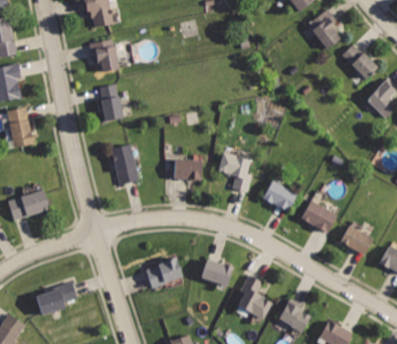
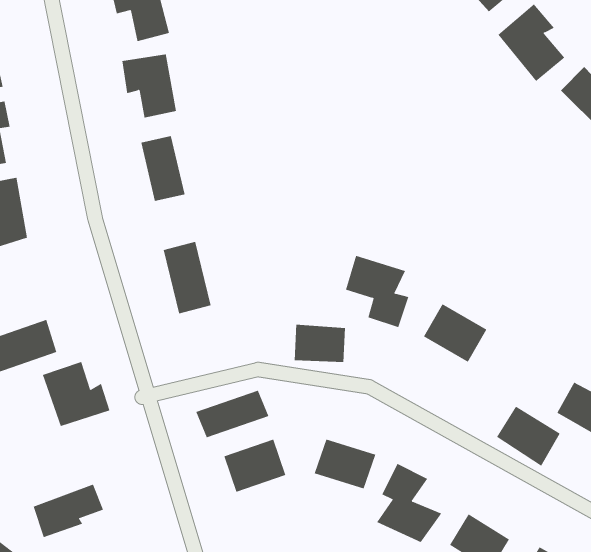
building: [172,158,202,180] -> [294,324,346,362]
building: [300,200,337,235] -> [496,406,560,466]
building: none -> [42,361,110,427]
building: none -> [195,390,269,438]

